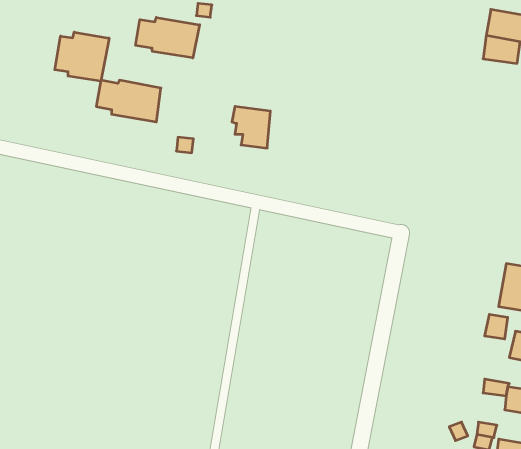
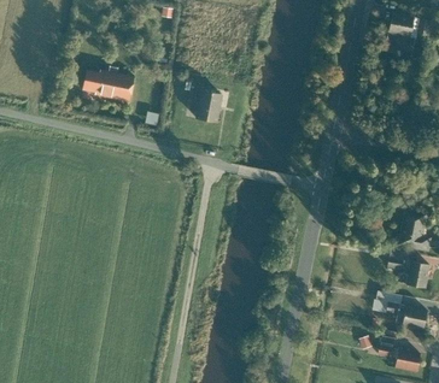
building: [136,17,200,58] -> none
building: [55,32,109,81] -> none

